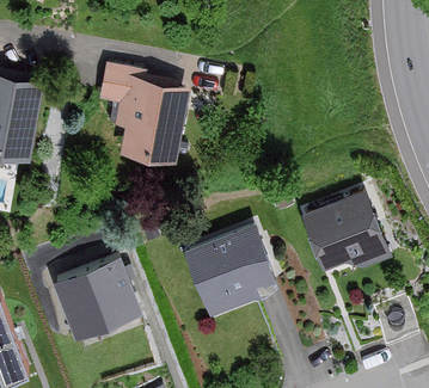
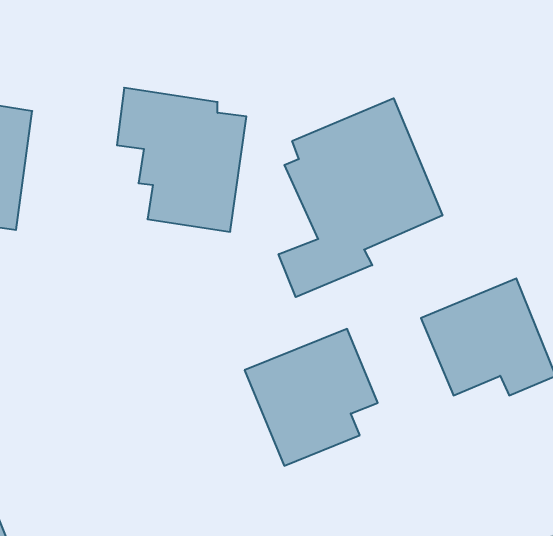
building: none -> [279,98,442,297]
building: [53,255,142,338] -> none

